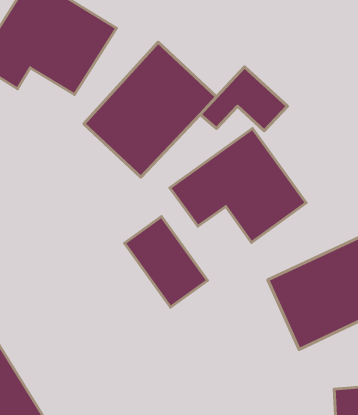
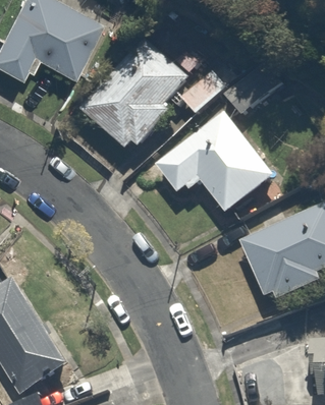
building: [124,217,208,307] -> none

